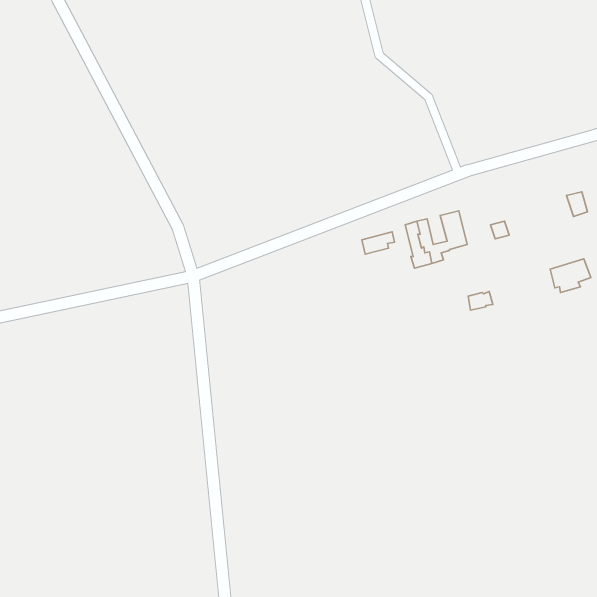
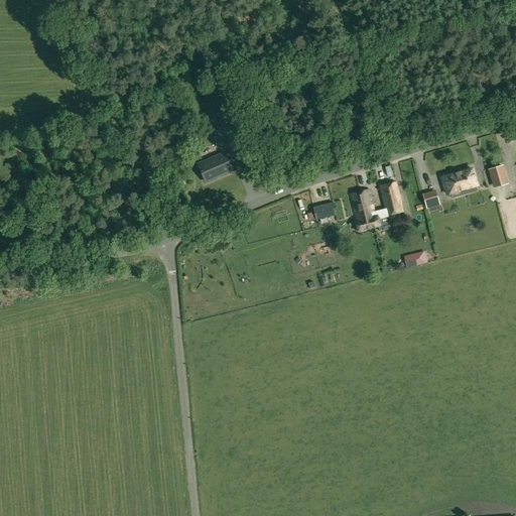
building: none -> [203,153,235,181]
building: [550,259,591,293] -> [441,167,477,197]

